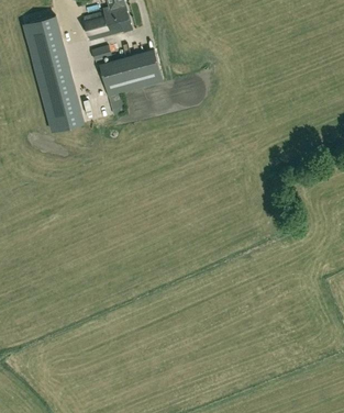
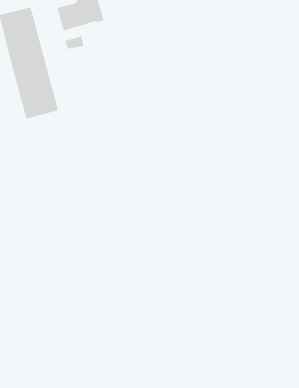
building: [99,51,162,96] -> none

